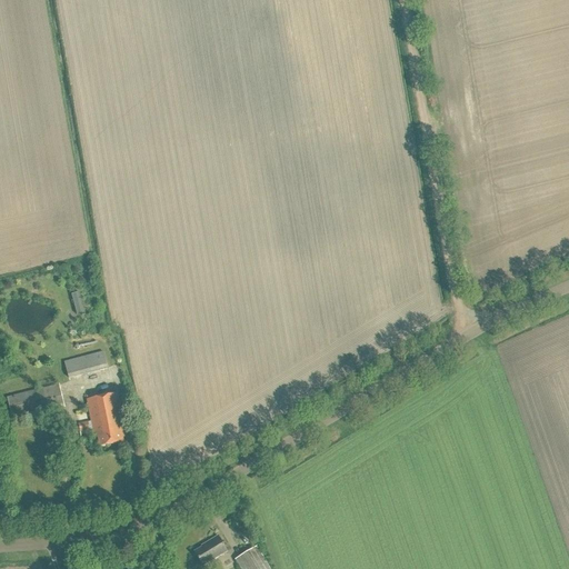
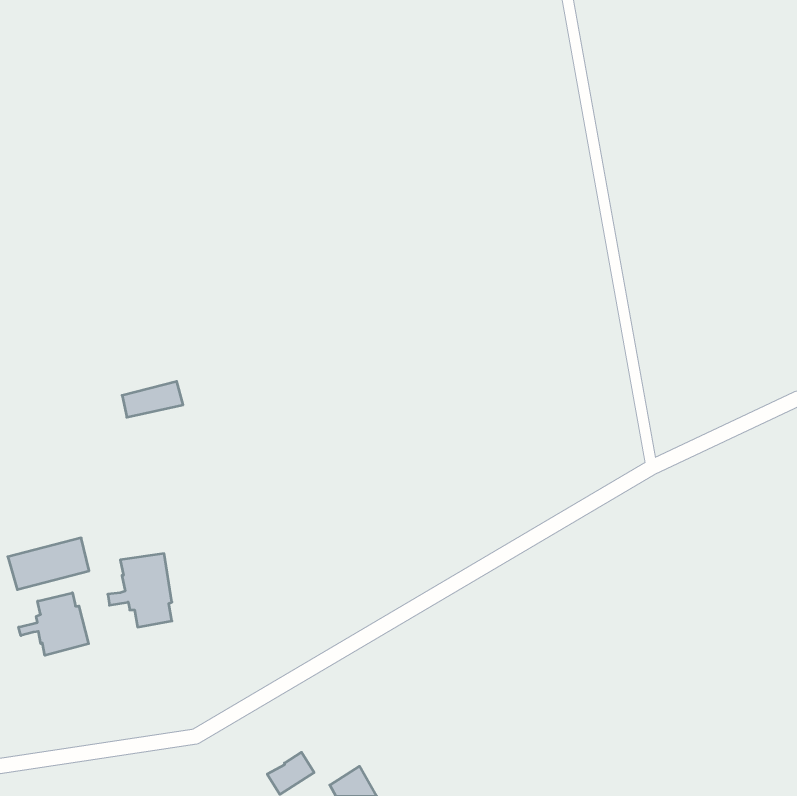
building: [66,350,109,376] -> [122,381,183,417]
building: none -> [19,593,89,655]

